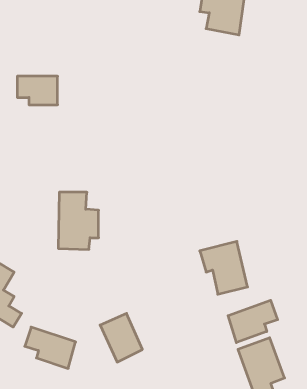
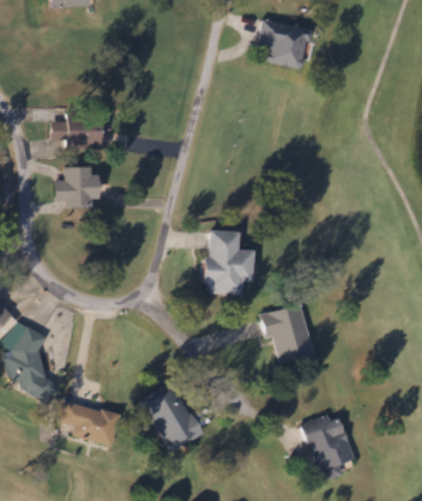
building: none -> [55,167,96,204]
building: [58,192,99,249] -> [204,230,249,295]
building: [228,300,278,343] -> none

